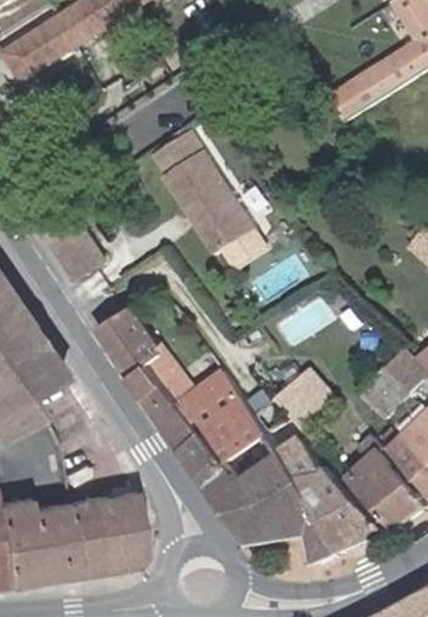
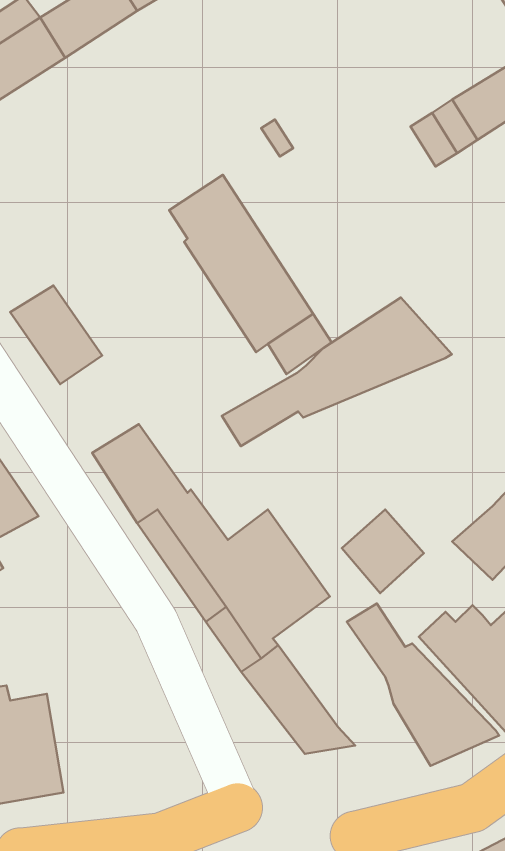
building: none -> [222,298,452,446]
building: [227,431,340,564] -> none
building: [64,490,140,572] -> none

